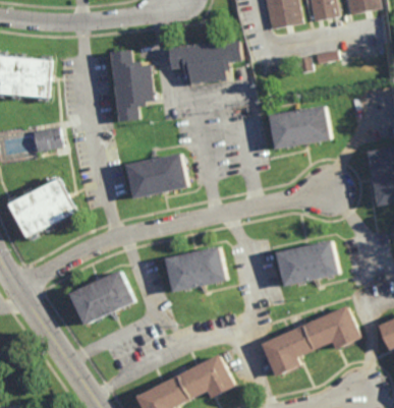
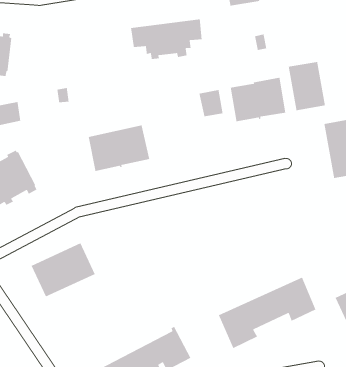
building: [113,53,158,120] -> none
building: none -> [288,61,326,111]
building: none -> [199,89,224,117]
building: [275,237,337,286] -> none
building: [167,245,230,292] -> none

